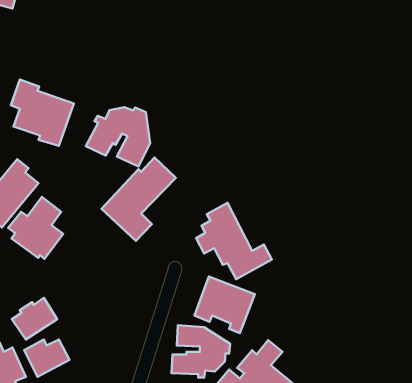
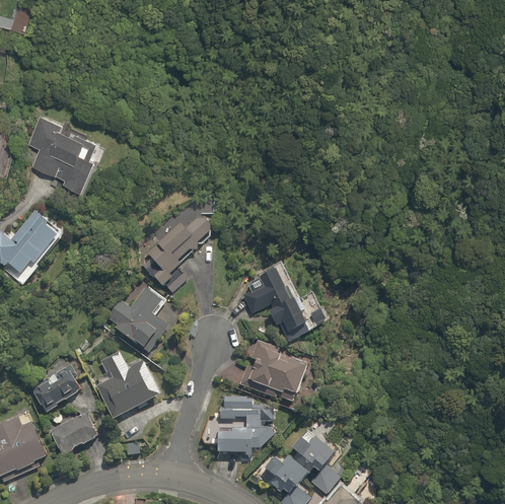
building: [86,107,150,167] -> none
building: [8,197,63,259] -> [106,283,169,354]
building: none -> [94,347,158,417]

